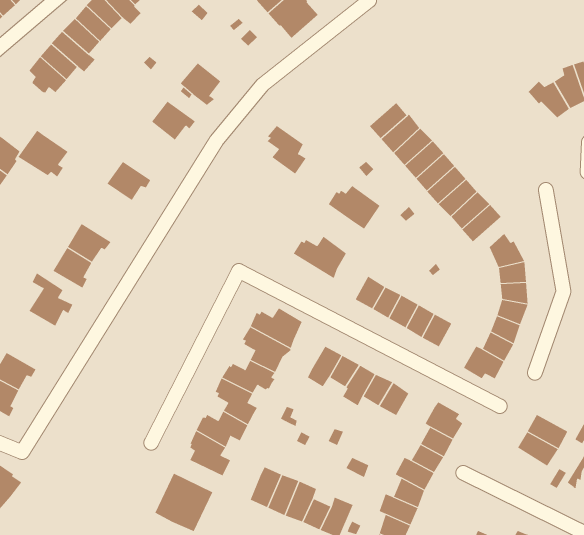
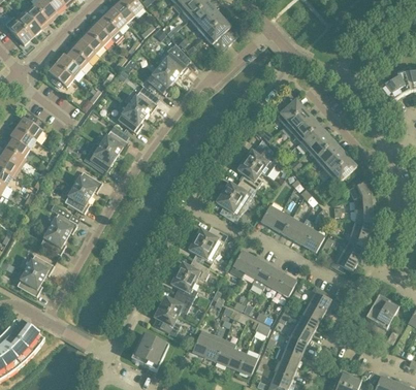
building: none -> [158,42,188,78]
building: none -> [117,104,143,132]
building: [267,125,307,175] -> [236,158,262,190]
building: [18,130,69,177] -> [83,141,116,172]
building: none -> [215,190,247,222]
building: none -> [39,227,66,254]

